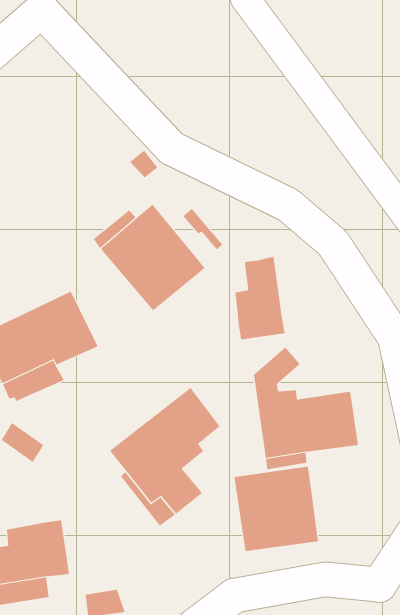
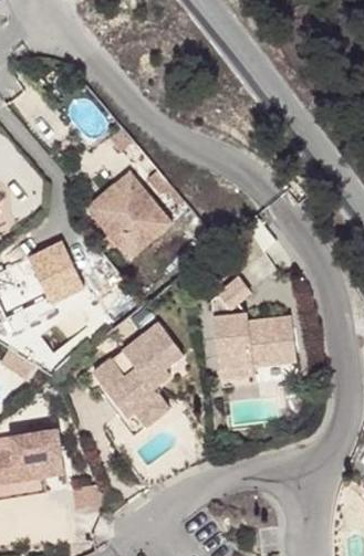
building: [235,256,285,340] -> none
building: [234,466,319,552] -> none

